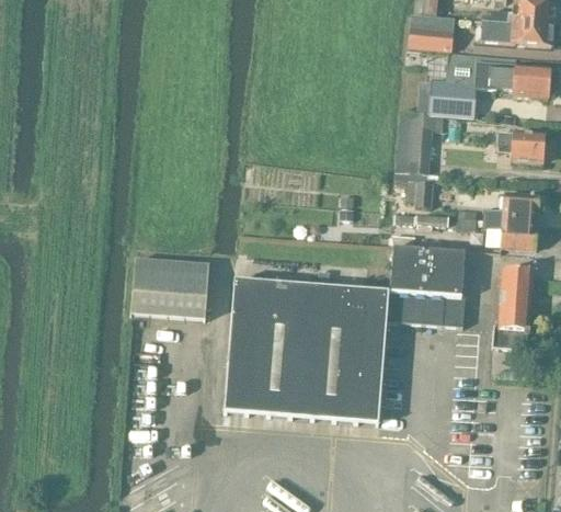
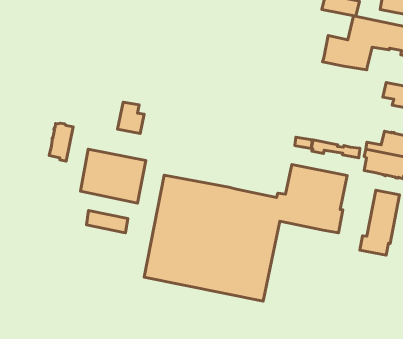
building: [396,111,444,206] -> none
building: none -> [118,102,144,133]
building: none -> [49,123,73,161]
building: none -> [86,211,128,233]

